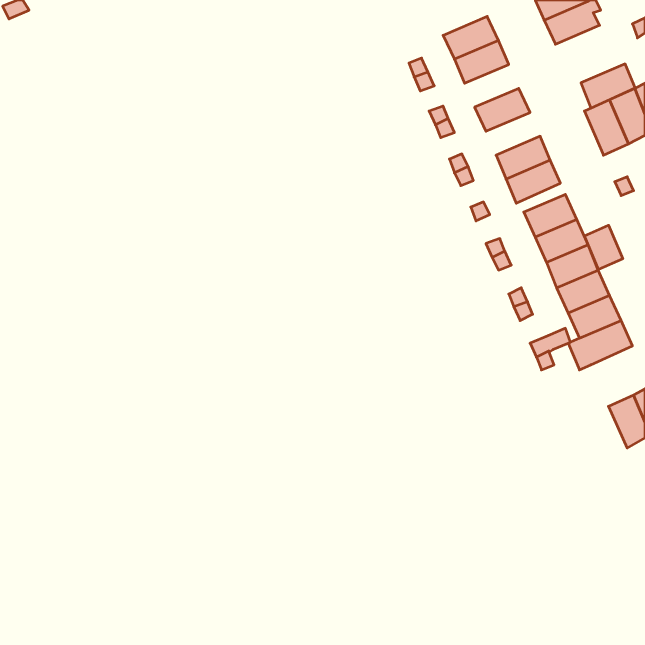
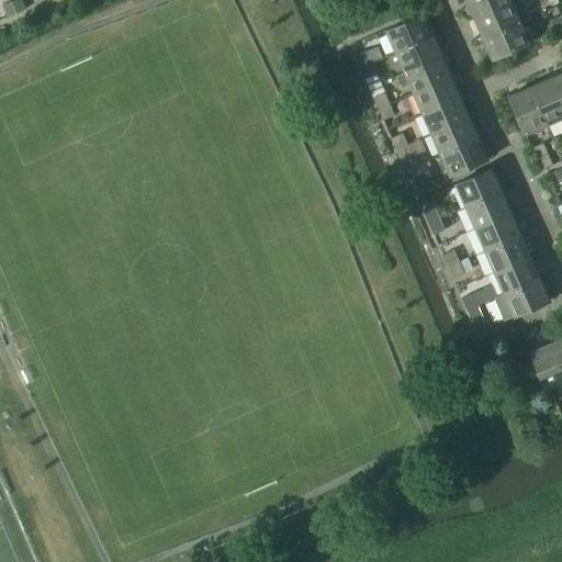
building: [581,64,635,108] -> [483,22,530,60]
building: none -> [396,56,451,93]
building: none -> [423,98,470,135]
building: [584,225,623,269] -> none

